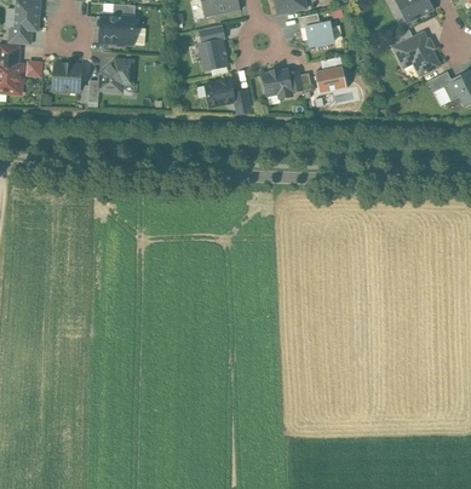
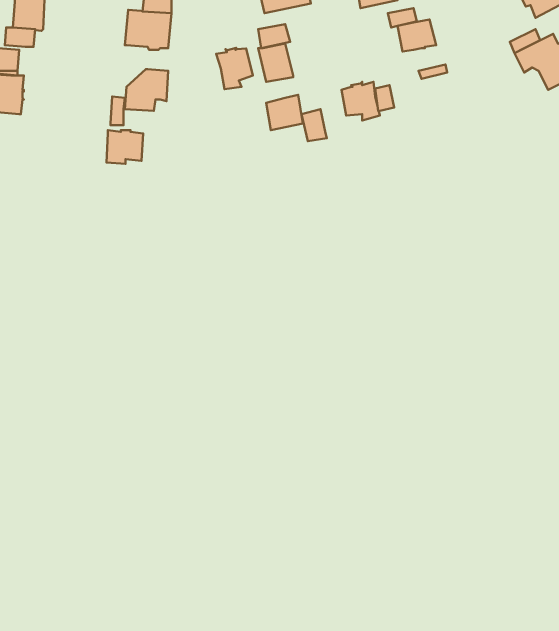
building: none -> [216,48,253,89]
building: [53,64,81,90] -> [106,130,143,164]
building: [315,65,346,93] -> none

